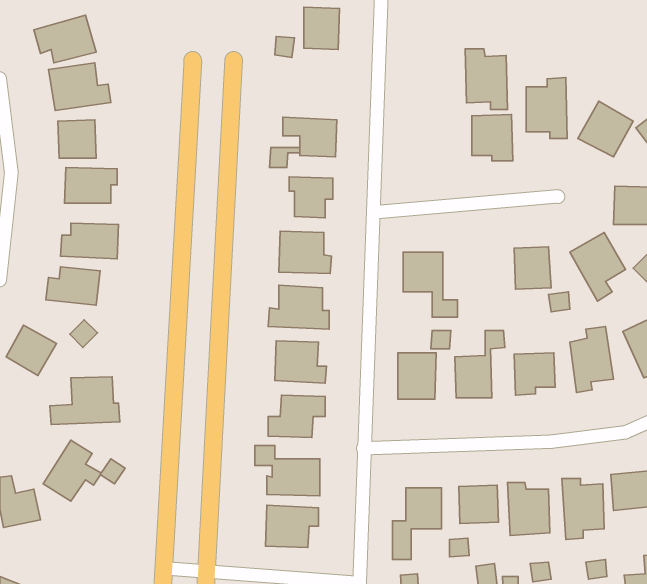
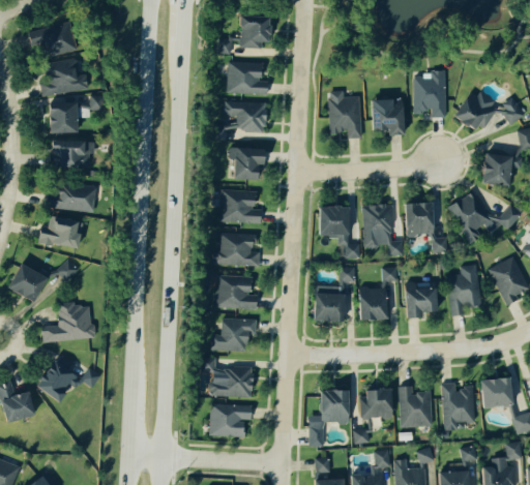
building: [465,49,508,110] -> [329,90,362,138]
building: none -> [228,61,269,93]
building: none -> [363,204,404,254]

